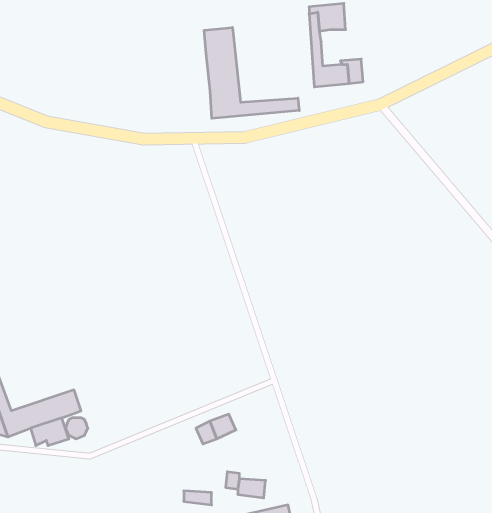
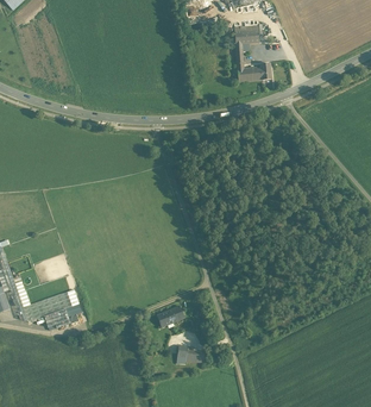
building: [204,27,299,118] -> none

